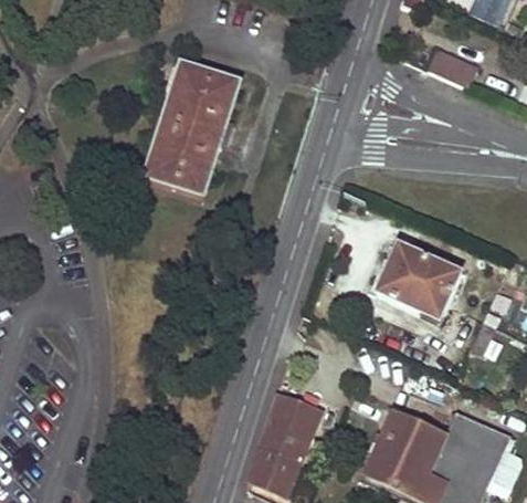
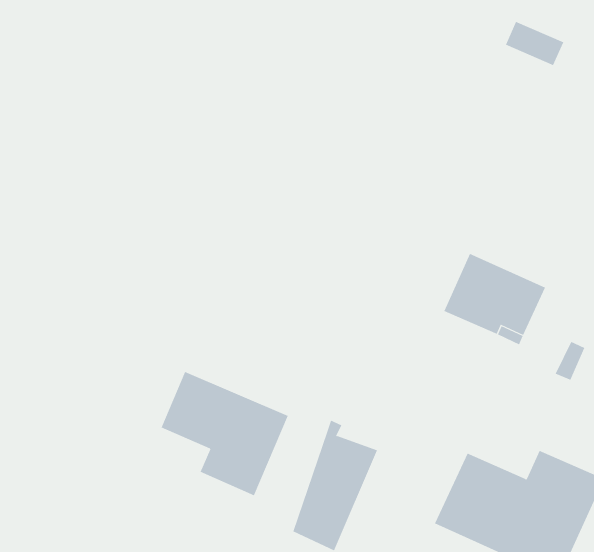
building: [141,57,240,193] -> none
building: none -> [161,371,288,496]

